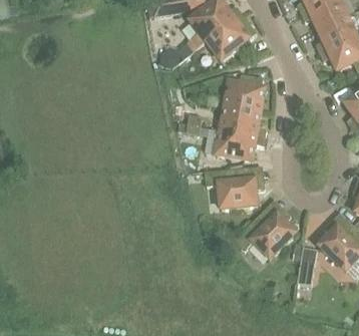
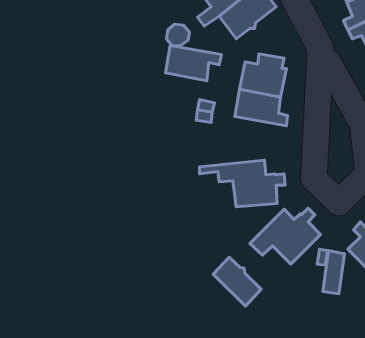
building: [216,128,265,159] -> [166,45,222,81]
building: none -> [213,257,261,306]

